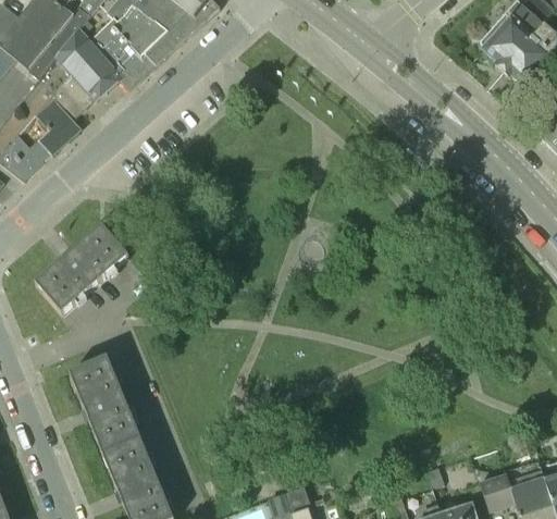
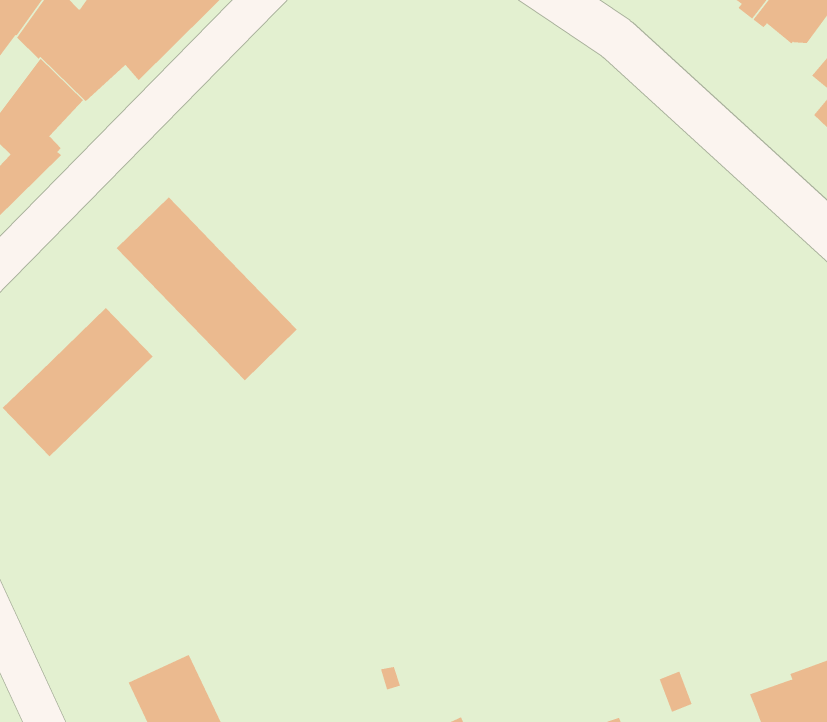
building: none -> [116,197,297,381]
building: [70,357,141,454] -> none

